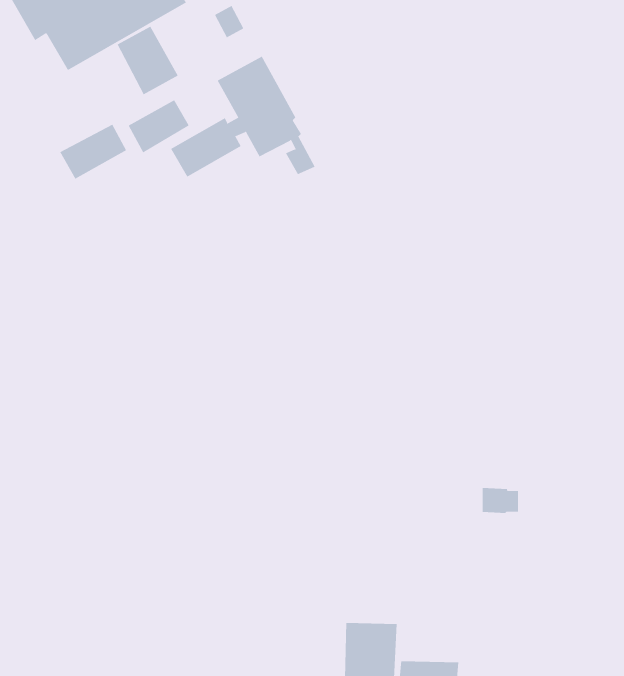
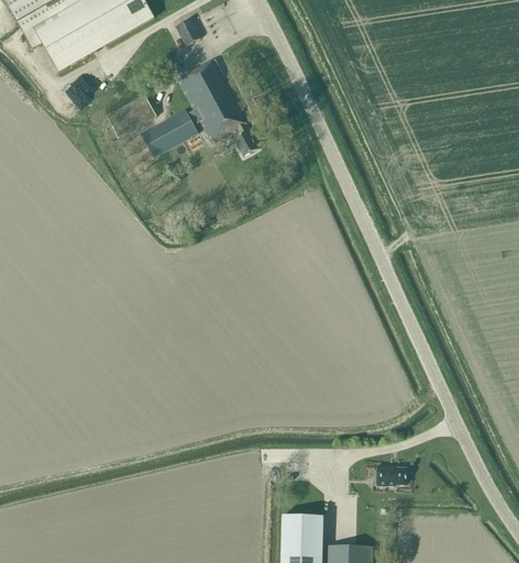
building: [117,26,178,95] -> none
building: [60,124,127,179] -> none
building: [482,488,519,514] -> [376,465,406,486]

